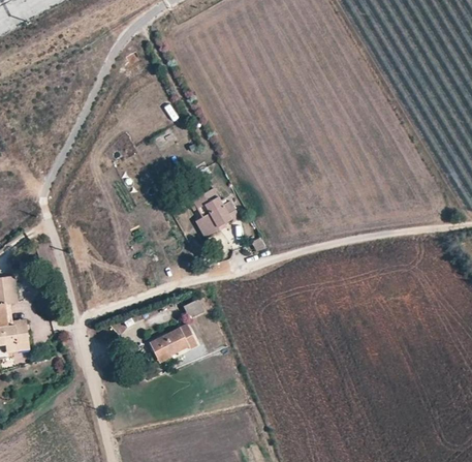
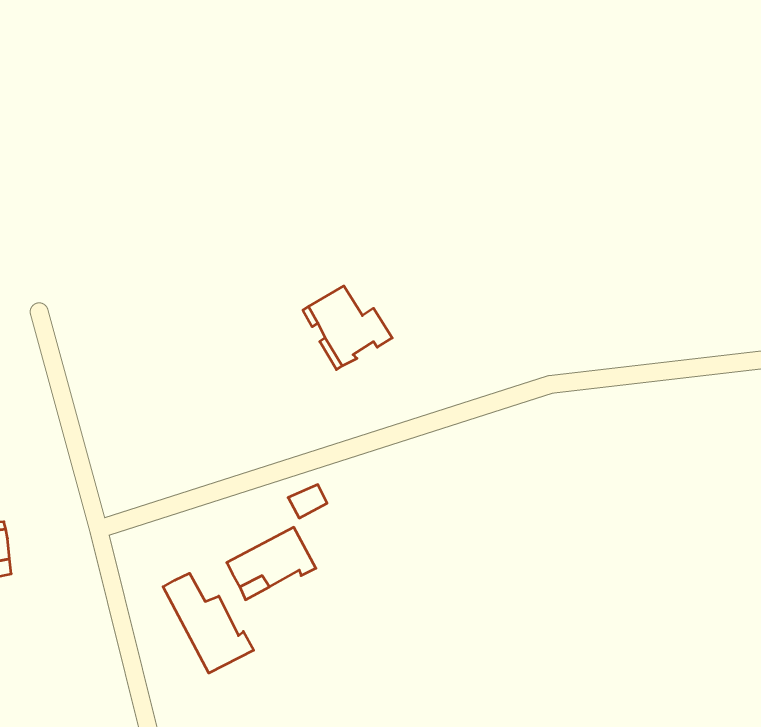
building: none -> [163,573,254,673]

